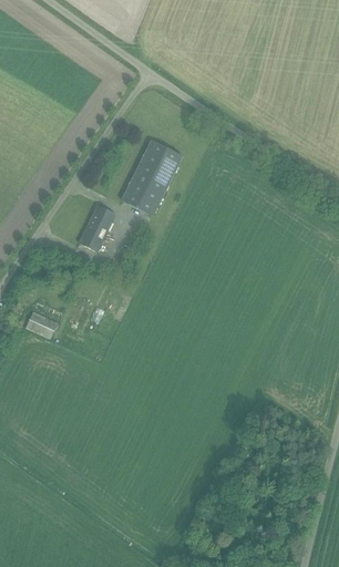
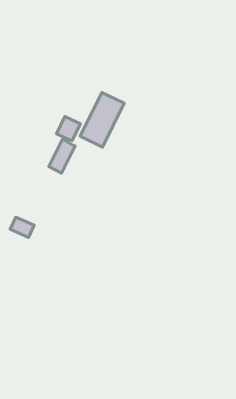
building: none -> [56,117,80,141]

